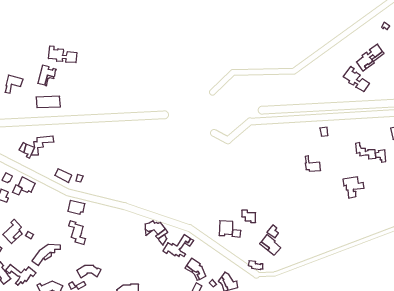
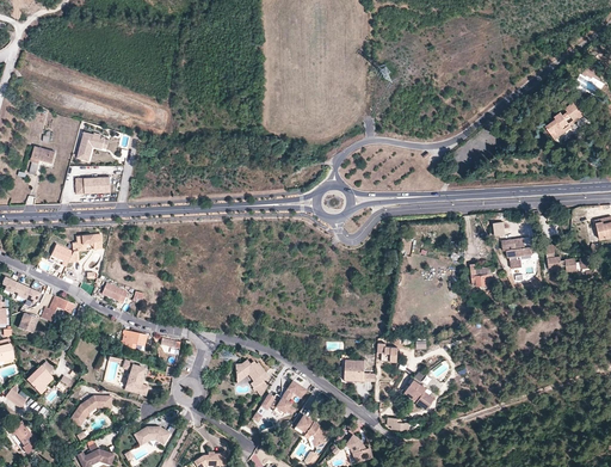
building: [49,46,77,63] -> none
building: [343,66,369,92] -> none
building: [343,177,364,198] -> [501,238,532,269]
building: [6,264,36,285] -> none

